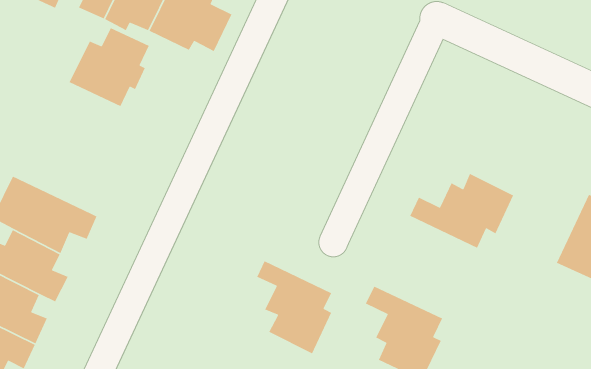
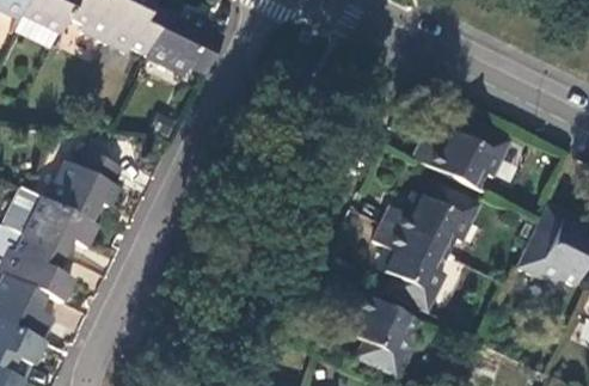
building: [69,27,150,107] -> [47,148,121,221]
building: none -> [416,118,513,188]
building: [256,260,332,354] -> [376,223,446,310]

